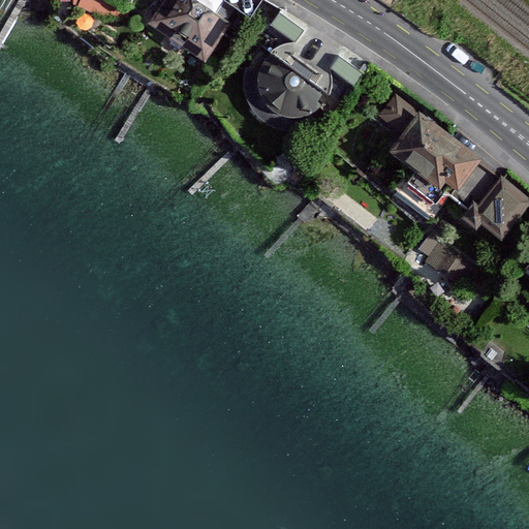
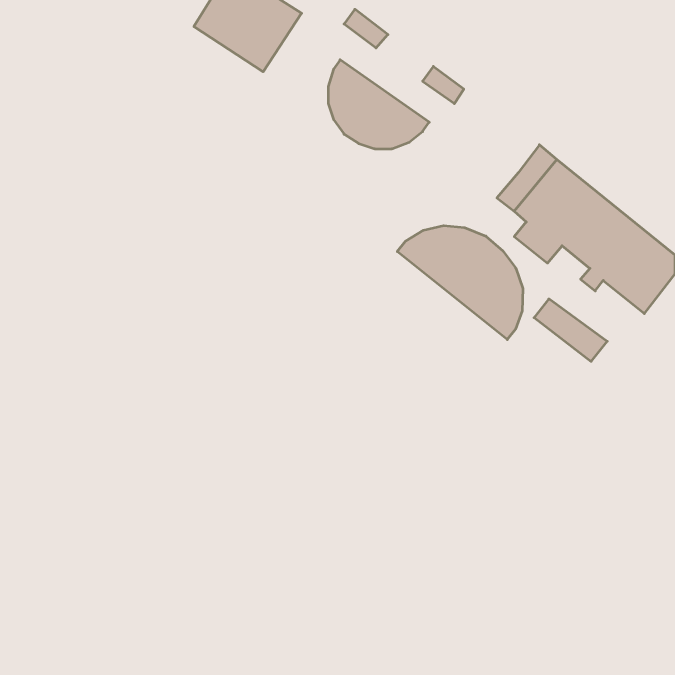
building: [379,94,419,134] -> none
building: none -> [397,226,523,340]

